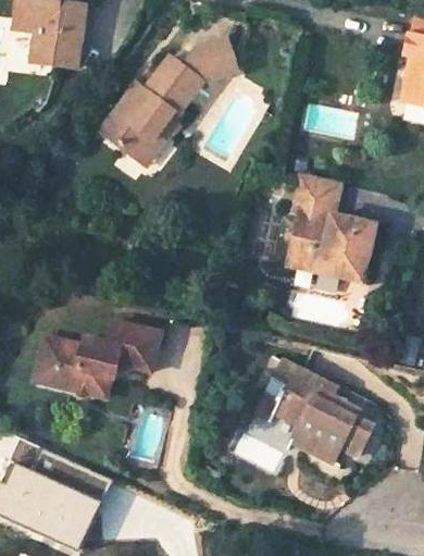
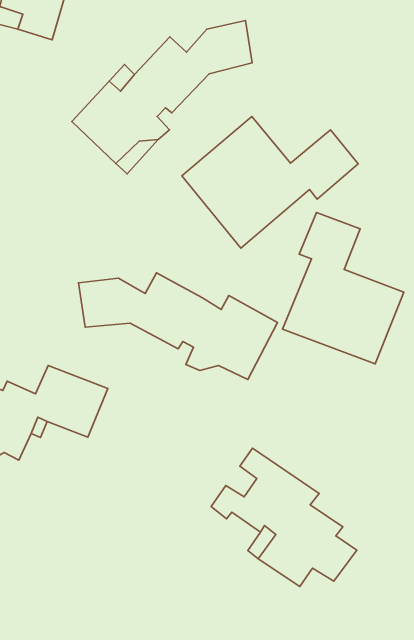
building: none -> [182,117,358,248]
building: none -> [79,273,278,379]

